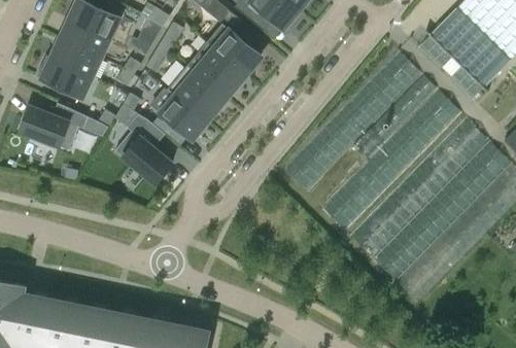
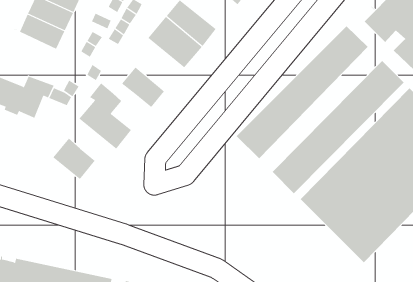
building: [37,56,92,98] -> none
building: [167,65,228,121] -> none
building: [354,75,437,159] -> none
building: none -> [53,138,96,180]

